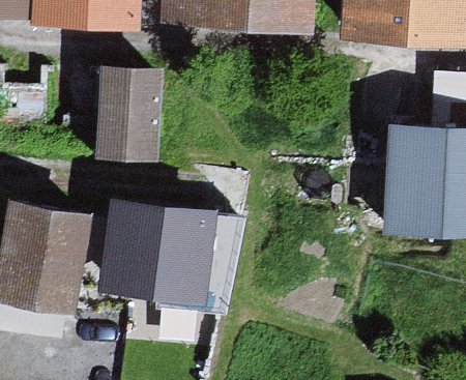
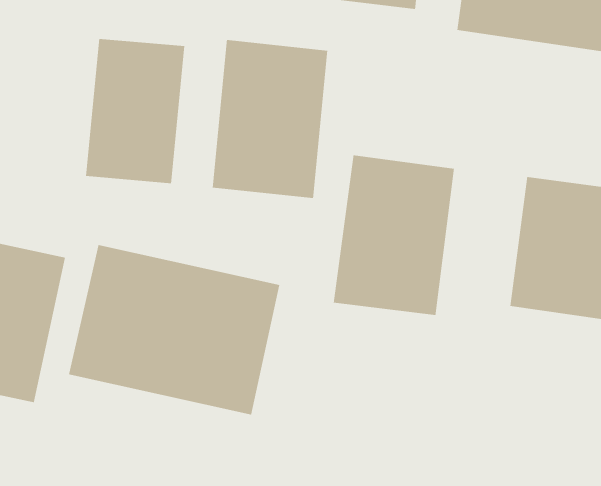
building: none -> [212,39,328,199]
building: none -> [333,154,454,316]

